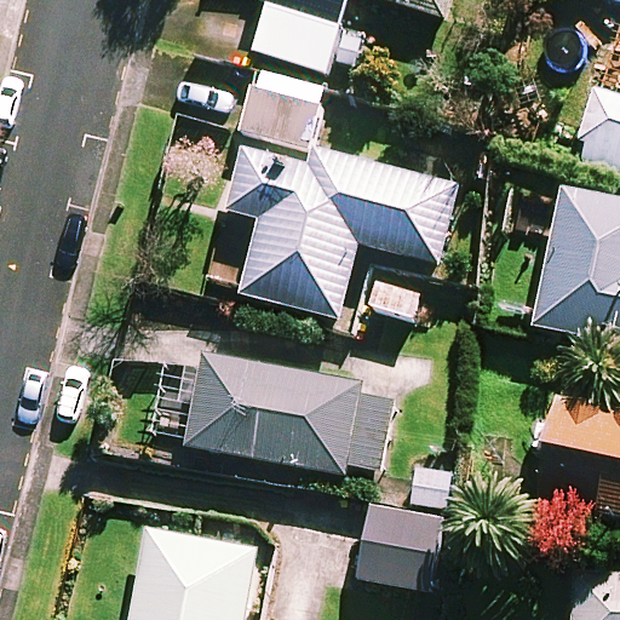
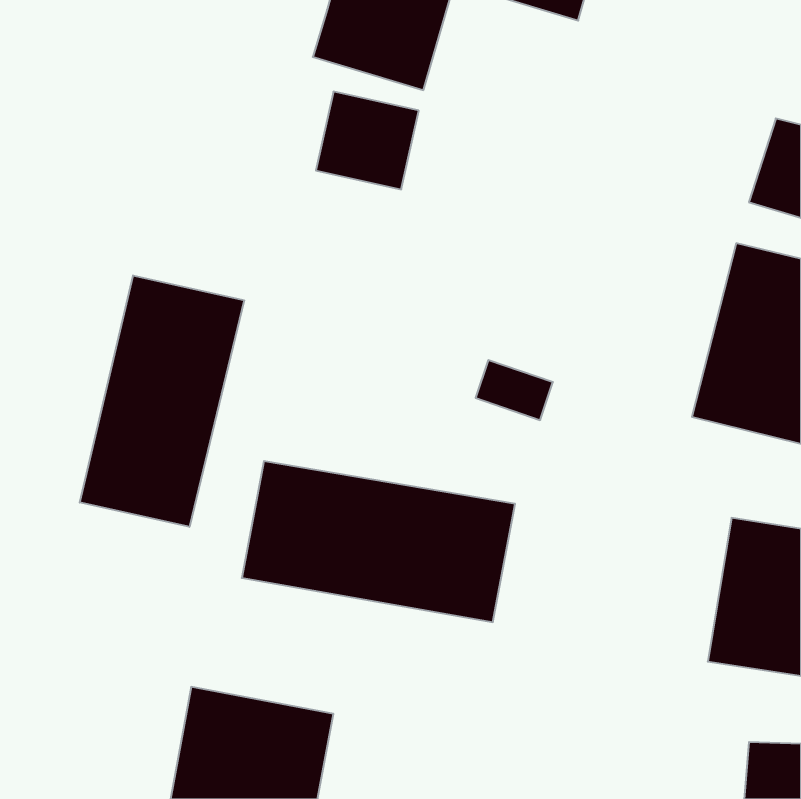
building: [226,148,458,316] -> none
building: none -> [80,275,244,527]
building: [358,512,438,587] -> none

